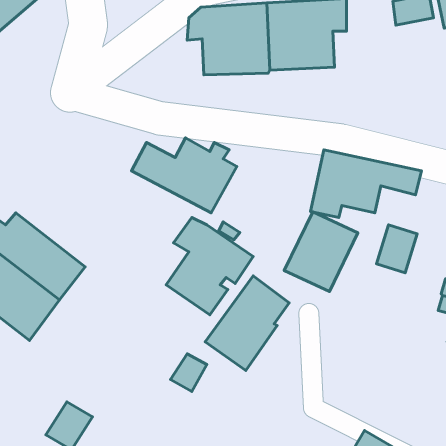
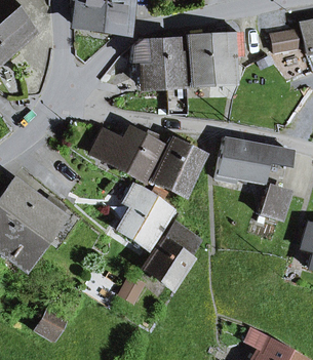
building: [284,212,358,291] -> [152,137,202,192]

